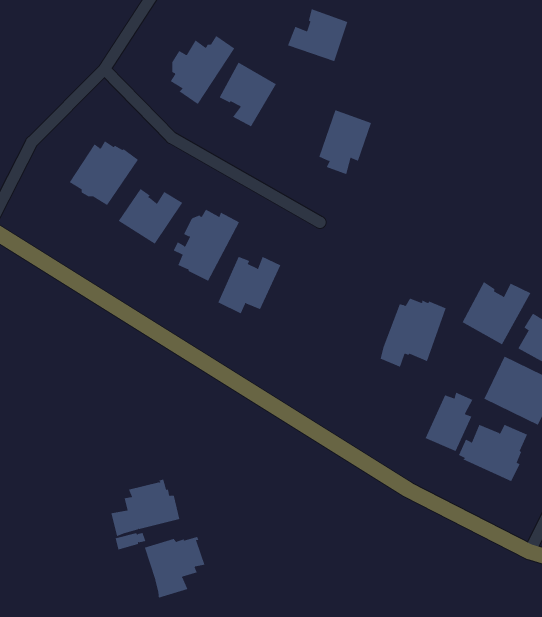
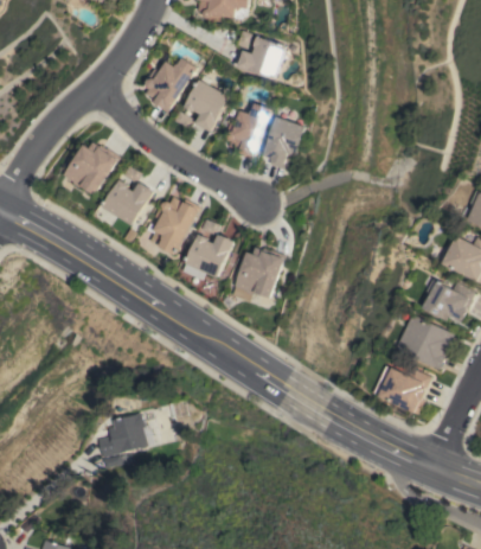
building: none -> [225,103,271,159]
building: [462,281,531,345] -> none
building: [380,298,447,368] -> [231,247,284,302]
building: [425,392,473,452] -> none
building: [144,536,205,598] -> none

